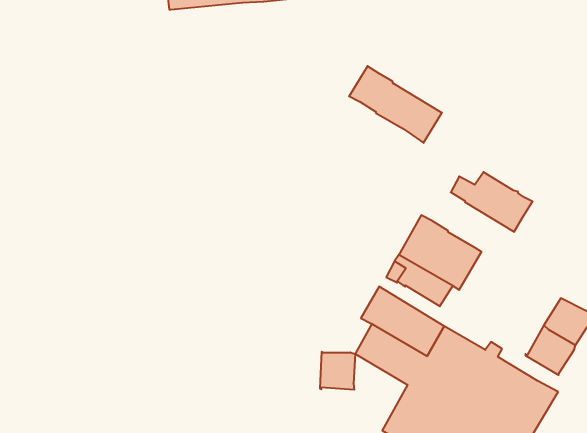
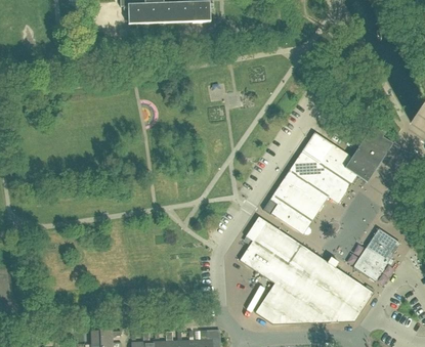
building: [349,66,442,143] -> [290,150,351,204]
building: none -> [350,125,394,182]
building: [320,352,355,390] -> none

